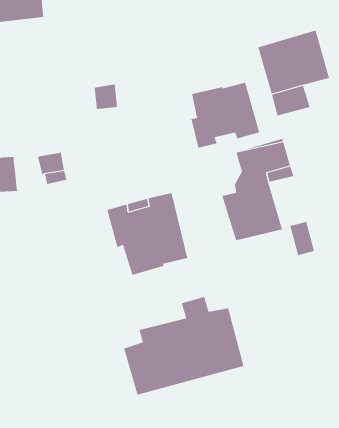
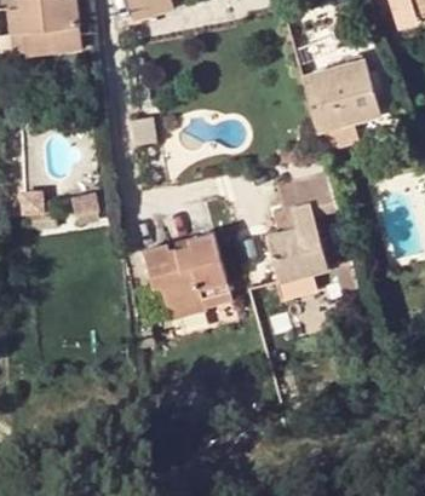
building: [191,82,260,149] -> none
building: [123,296,244,396] -> none

